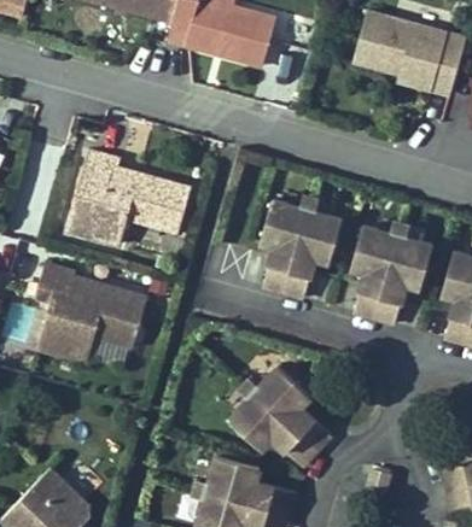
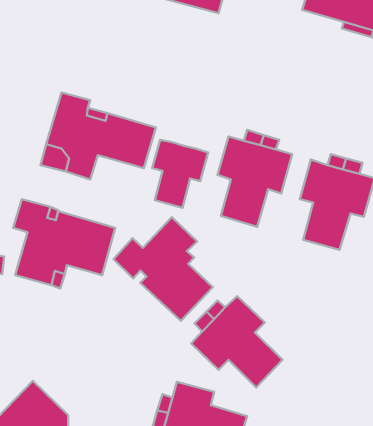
building: none -> [152,140,208,208]
building: none -> [113,217,213,321]

